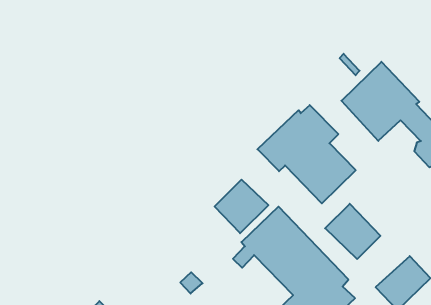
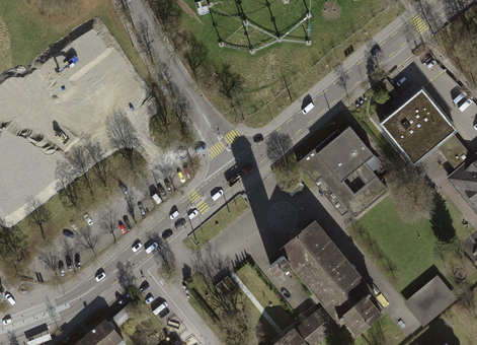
building: [215,180,268,233] -> none
building: [325,204,380,259] -> none

